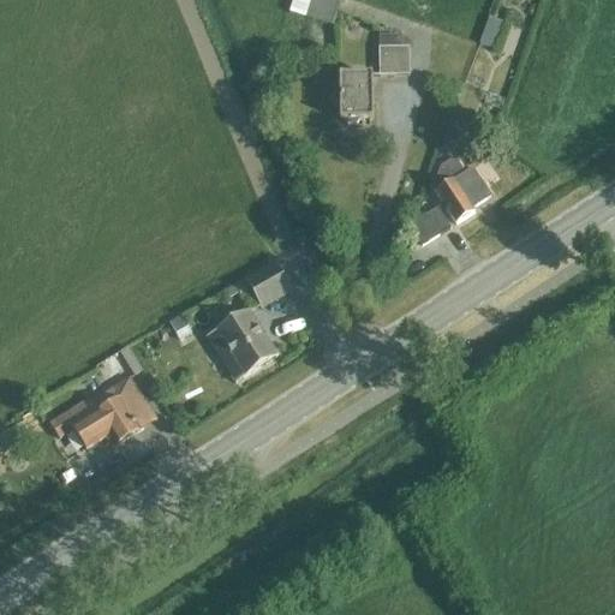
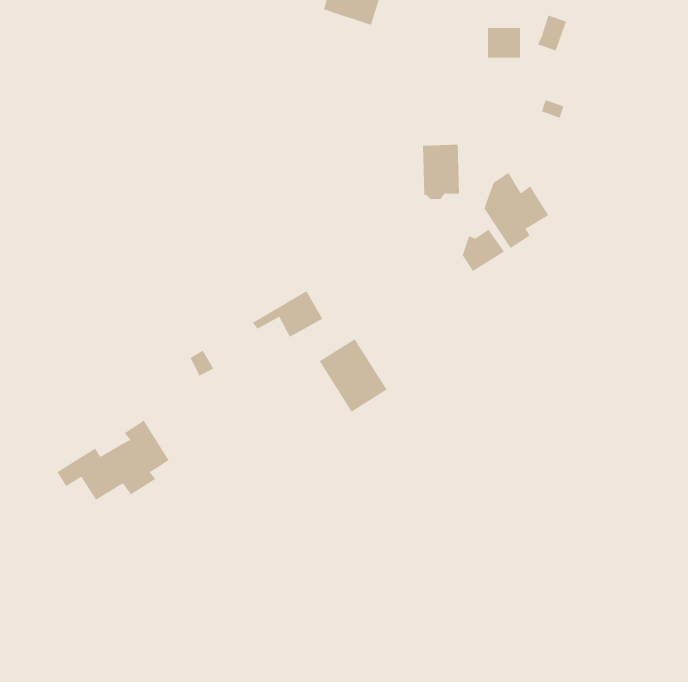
building: [378,44,408,72] -> [487,27,521,58]
building: [339,72,372,121] -> [422,144,460,199]
building: [215,308,276,374] -> [319,338,388,412]

